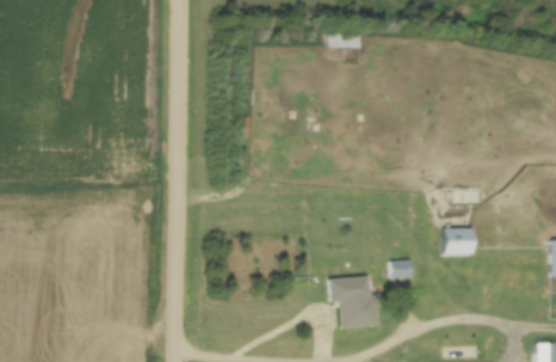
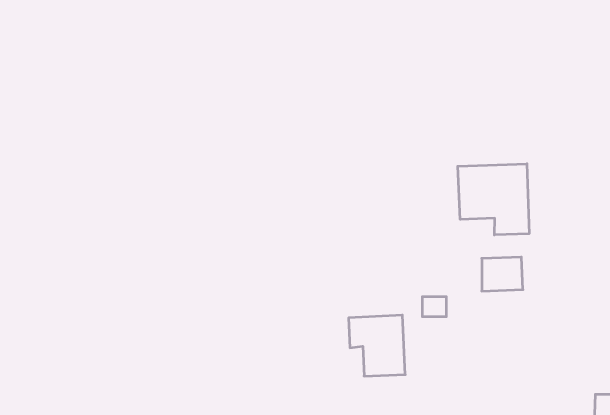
building: none -> [458,164,529,235]

